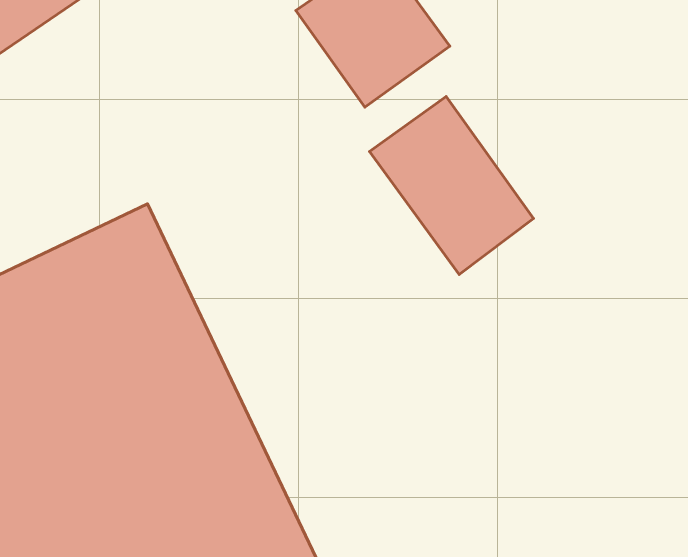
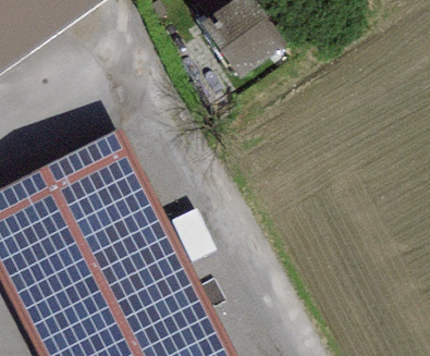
building: [370,97,533,275] -> none

